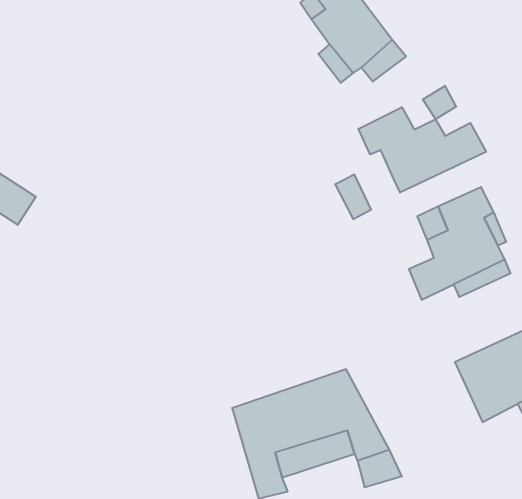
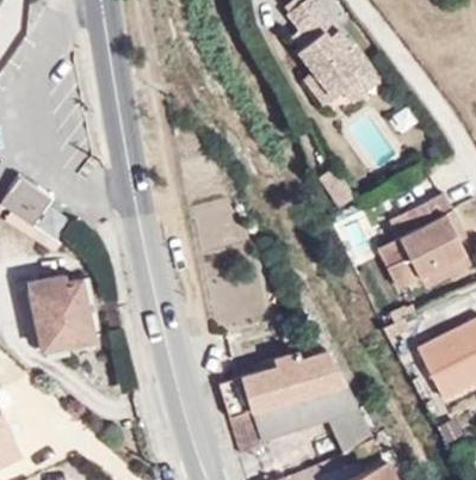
building: [358,107,486,193] -> none
building: none -> [39,265,103,339]

